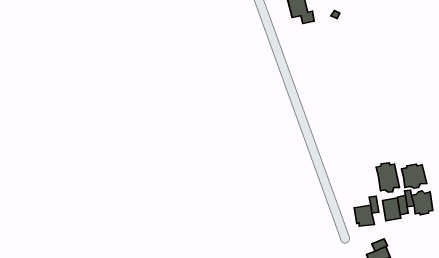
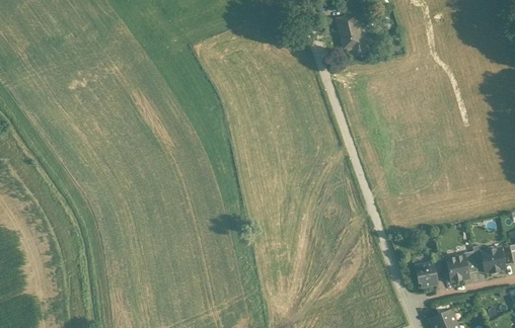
building: [376,163,400,192] -> none
building: [401,164,427,188] -> none

